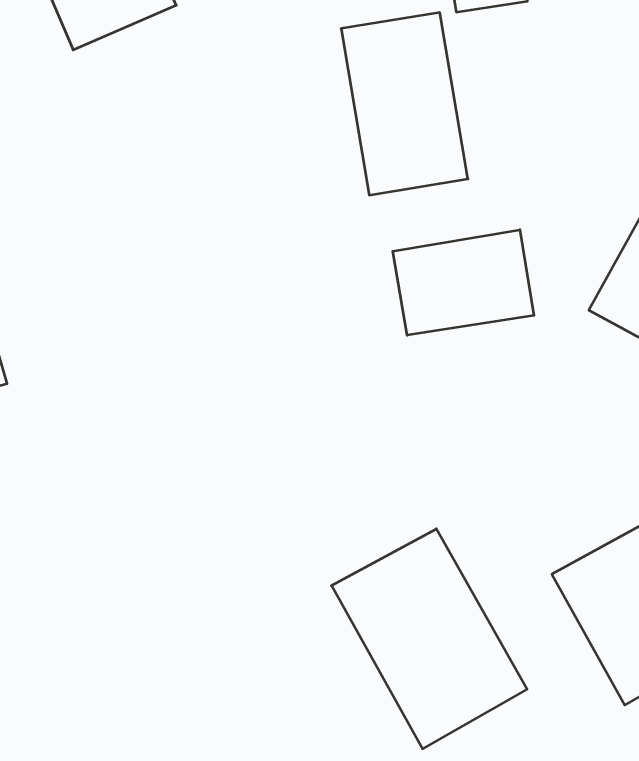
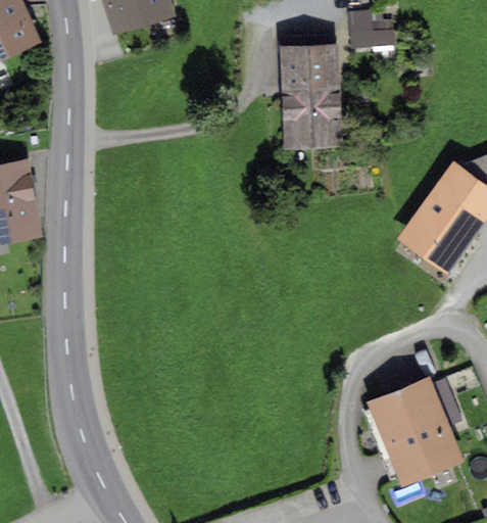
building: [393,230,534,335] -> none
building: [331,529,527,749] -> none

